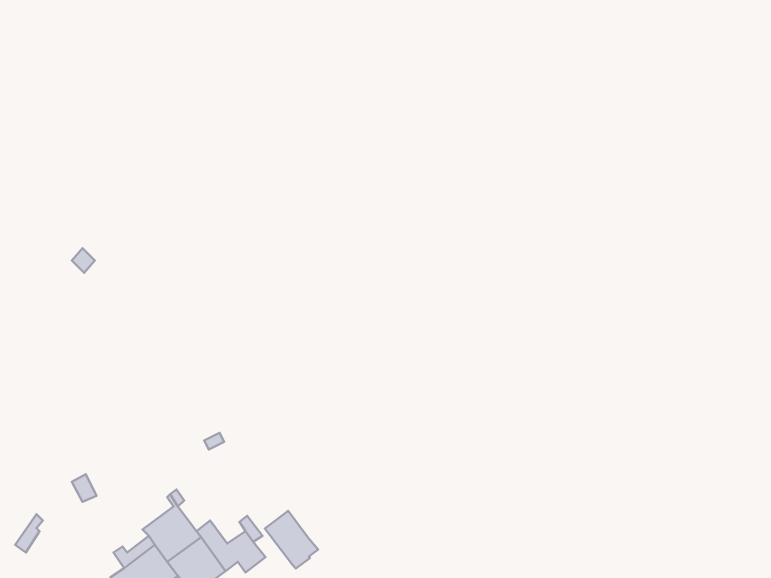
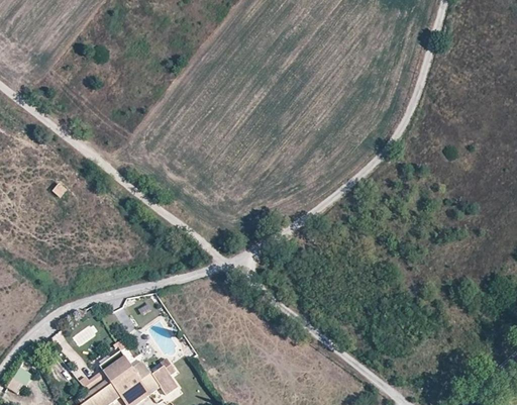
building: [265,511,318,569] -> none

